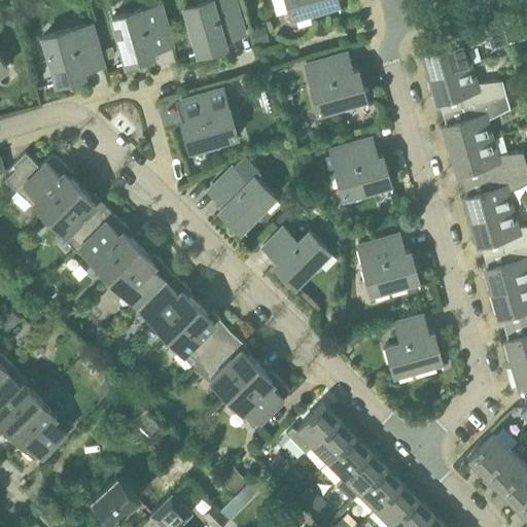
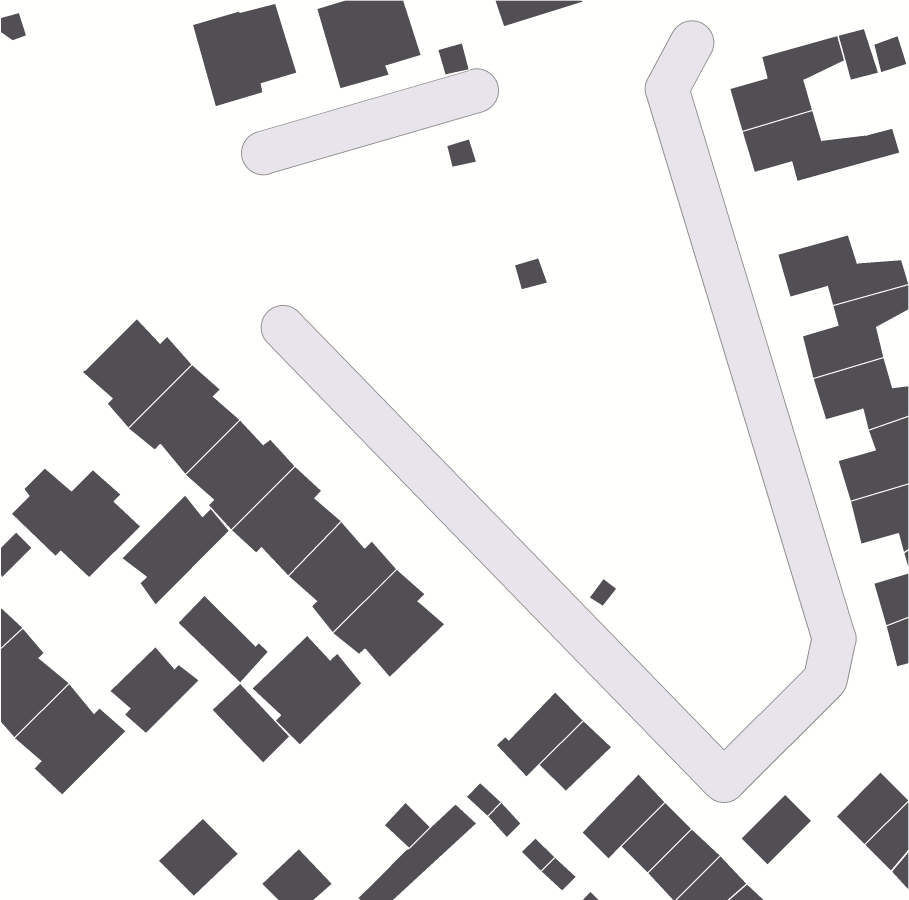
building: [41,27,102,86] -> none
building: [305,55,365,115] -> none
building: [180,91,236,160] -> none
building: [444,98,510,152] -> none
building: [329,140,390,200] -> none
building: [4,155,79,219] -> [11,468,141,578]
building: [208,159,274,234] -> none
building: [262,230,329,288] -> none
building: [357,236,418,296] -> none
building: none -> [122,495,230,605]
building: [386,317,441,378] -> none
building: none -> [178,595,268,683]
building: [225,366,289,430] -> [252,635,362,745]
building: none -> [109,647,199,734]
building: [468,436,510,478] -> [741,794,812,865]
building: [327,437,370,480] -> none

